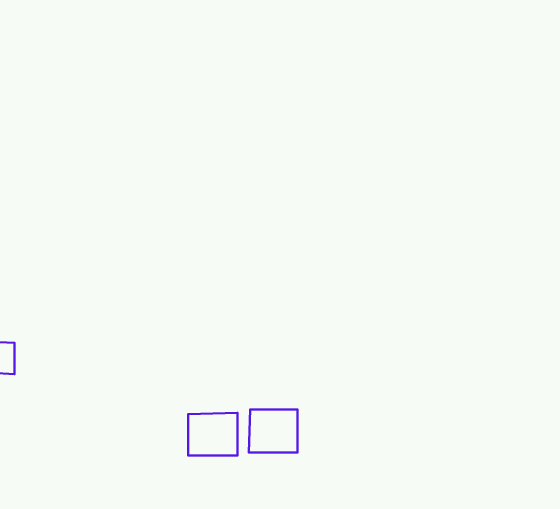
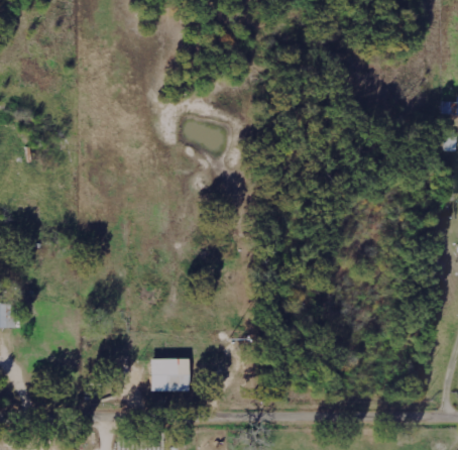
building: [249,409,298,453] -> none

